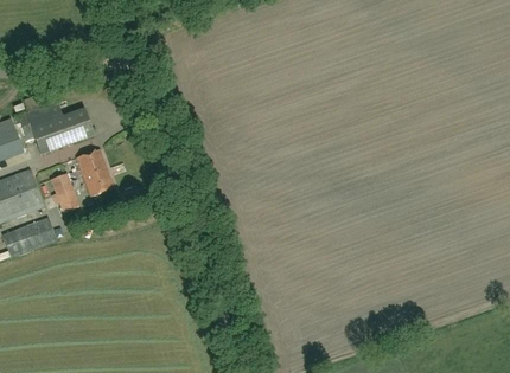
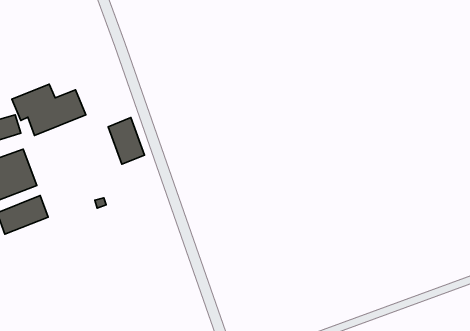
building: [75,148,113,197] -> [108,118,144,164]
building: [49,173,78,212] -> none

